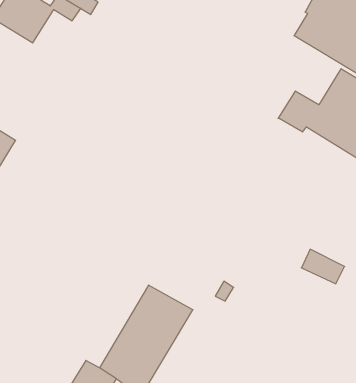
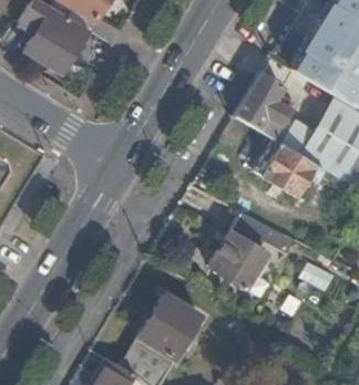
building: none -> [233,69,294,139]
building: none -> [261,143,325,196]
building: none -> [211,211,295,288]

